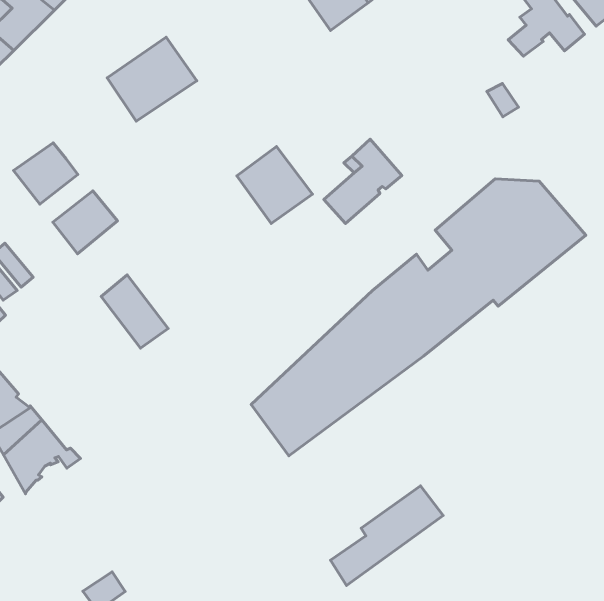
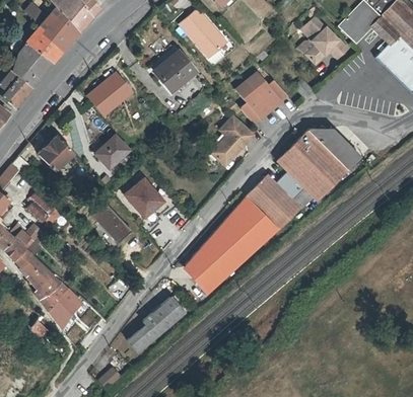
building: none -> [150,50,197,95]
building: none -> [234,72,289,126]
building: [237,147,313,223] -> [125,177,167,220]
building: [53,191,118,254] -> [96,134,132,169]
building: [330,486,443,586] -> [125,295,185,353]

